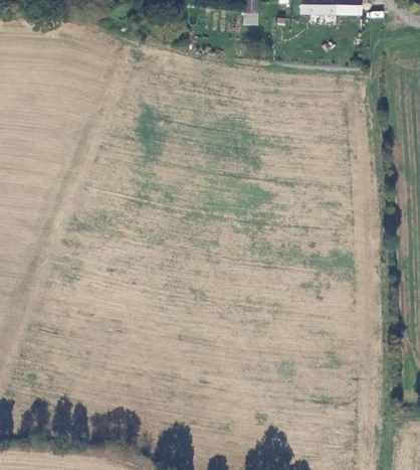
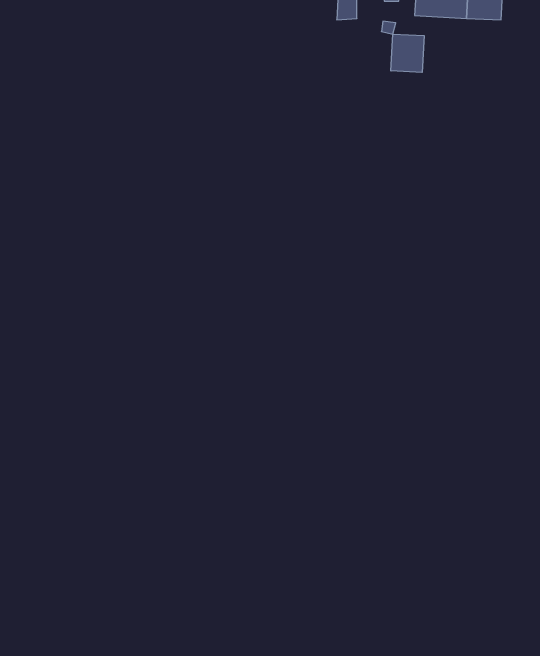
building: none -> [391,34,424,72]

